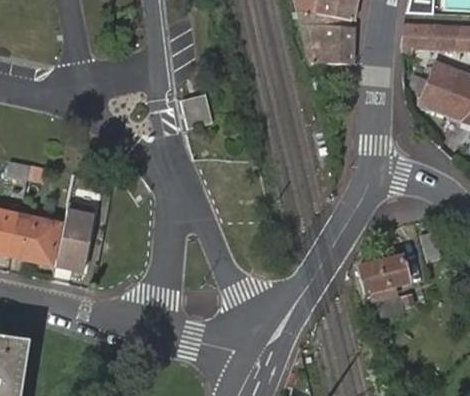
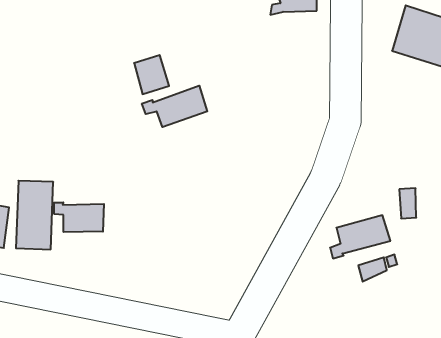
building: none -> [142,86,207,127]
building: none -> [54,202,104,232]

